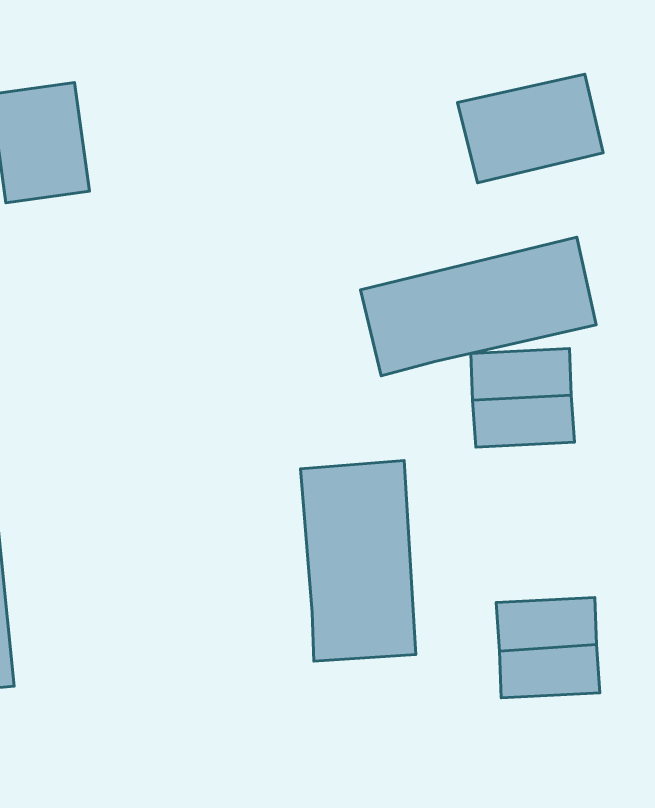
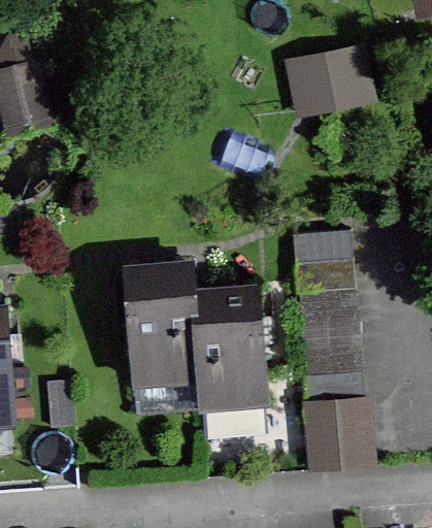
building: [361,237,596,376] -> none
building: none -> [111,266,197,389]

